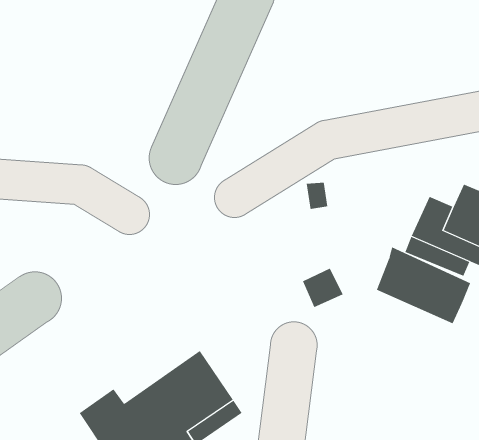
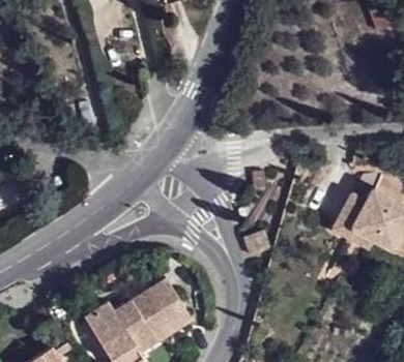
building: [376,246,471,324] -> none

